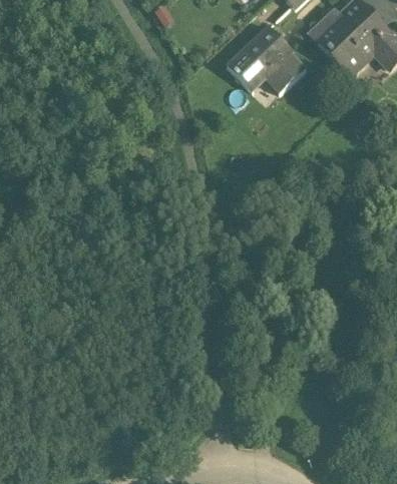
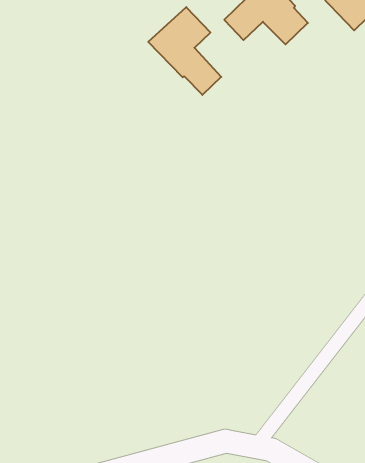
building: none -> [148,7,221,95]

